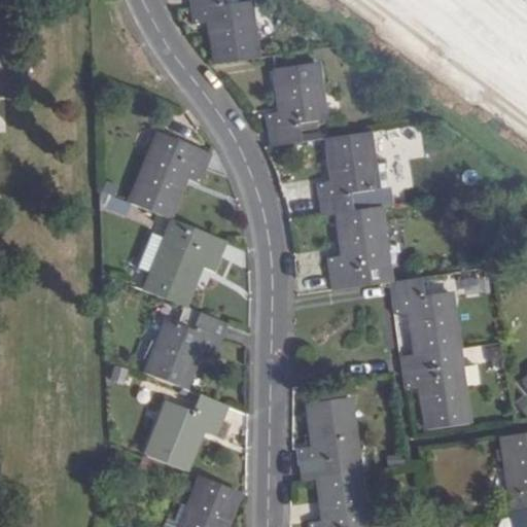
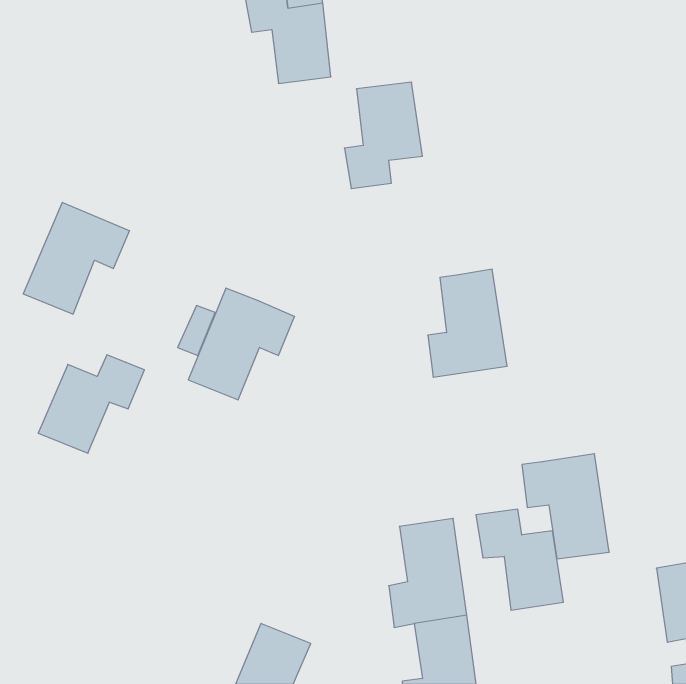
building: [318,130,376,214] -> none
building: [130,133,211,218] -> [23,202,130,314]
building: [389,276,456,353] -> [476,509,563,610]
building: [146,313,227,388] -> [38,355,144,453]
building: [146,394,229,470] -> none

